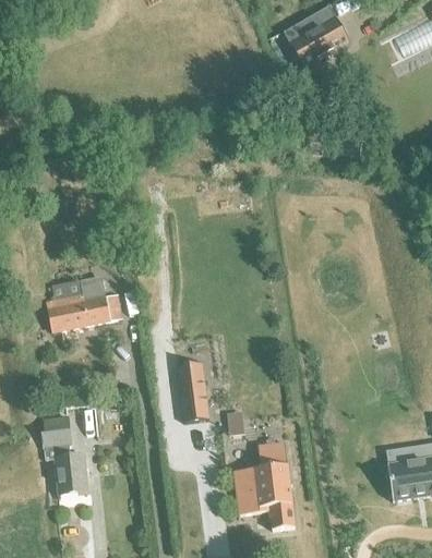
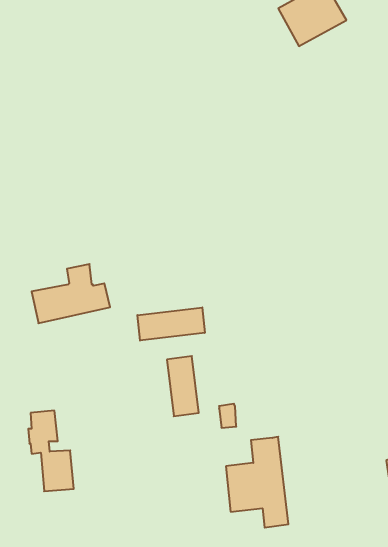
building: none -> [137,307,205,341]

